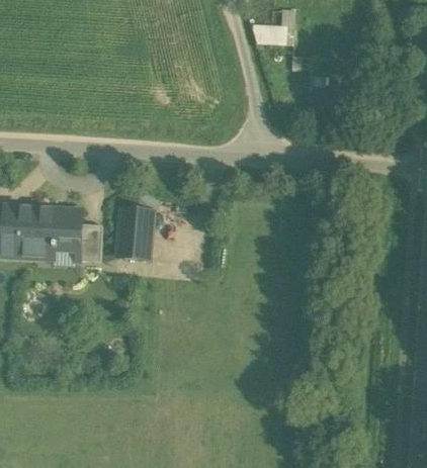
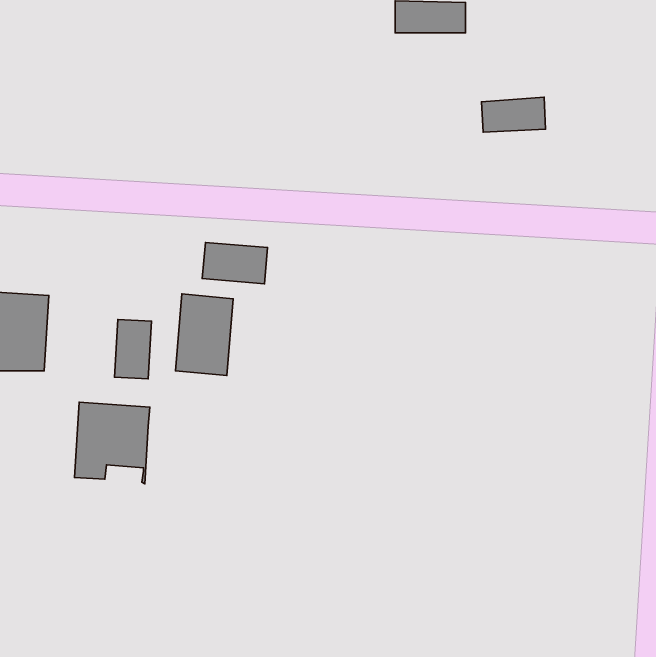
building: none -> [202,242,268,284]
building: [31,208,79,260] -> [74,402,150,484]

